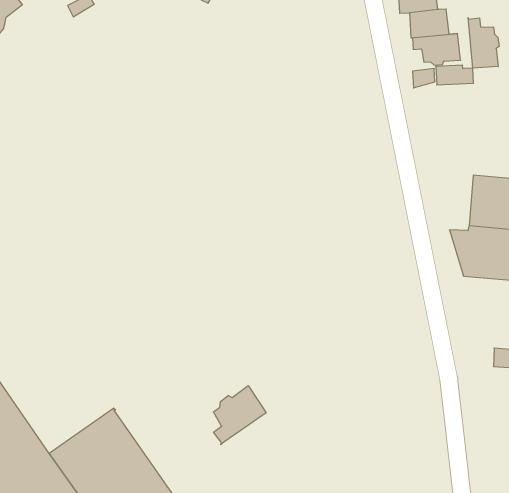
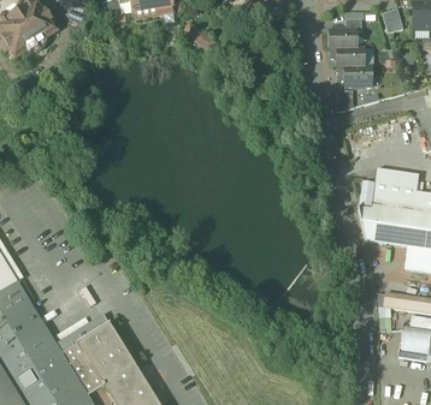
building: [468,18,499,68] -> none
building: [213,386,266,445] -> none

